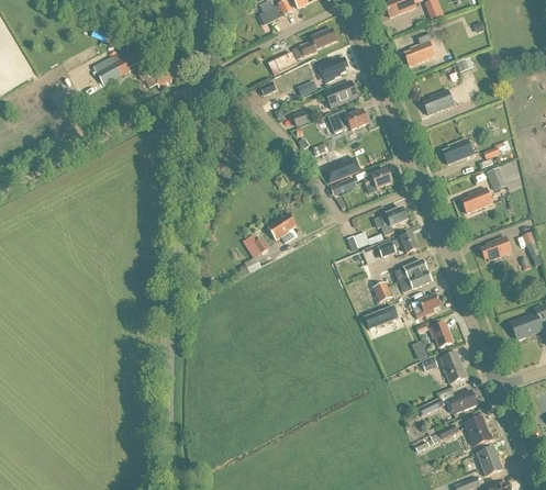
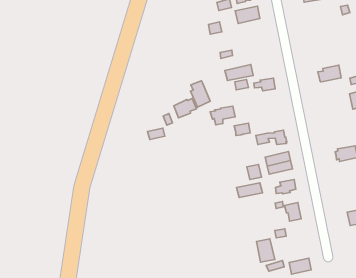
building: [423,88,454,114] -> none
building: [328,110,368,132] -> none
building: [461,187,492,212] -> none
building: none -> [191,81,210,107]
building: [374,207,406,234] -> [210,106,235,125]
building: [439,350,467,382] -> [256,239,275,262]

